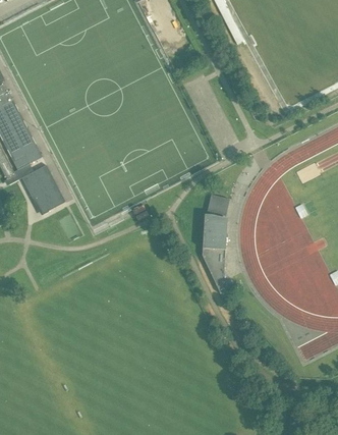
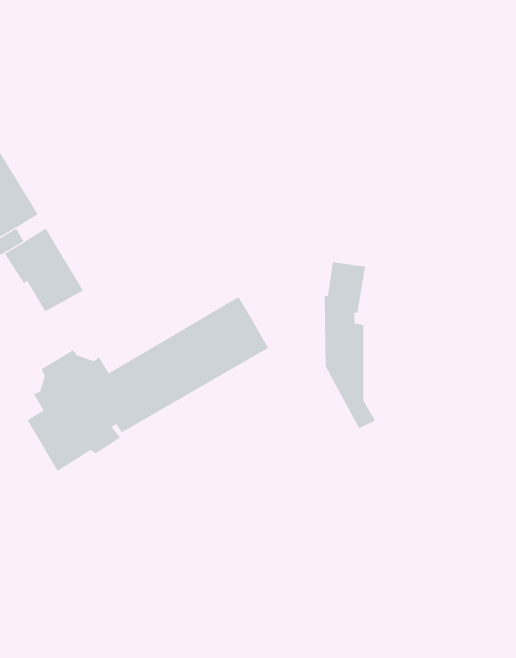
building: none -> [27,296,269,472]

